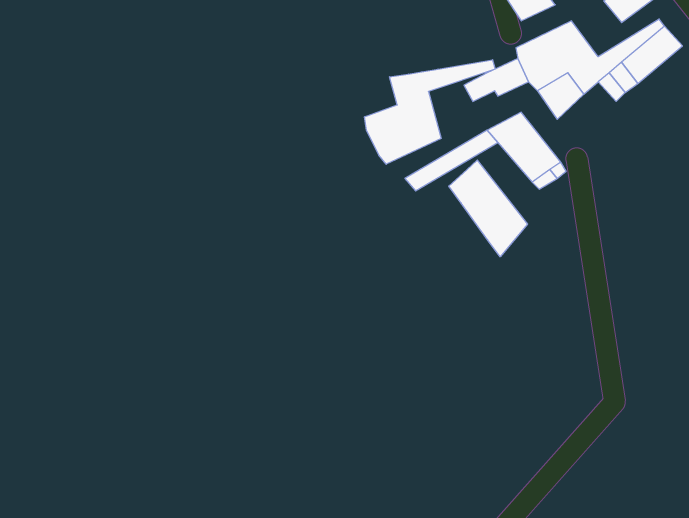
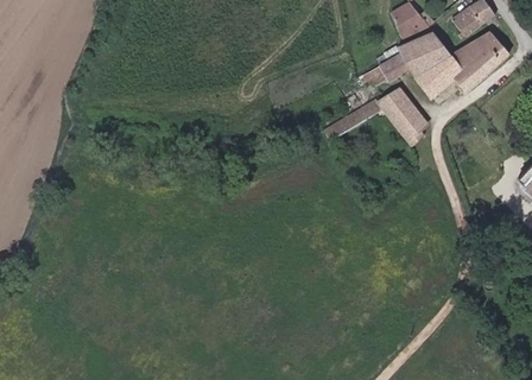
building: [365,60,495,164] -> none
building: [449,160,527,257] -> none

